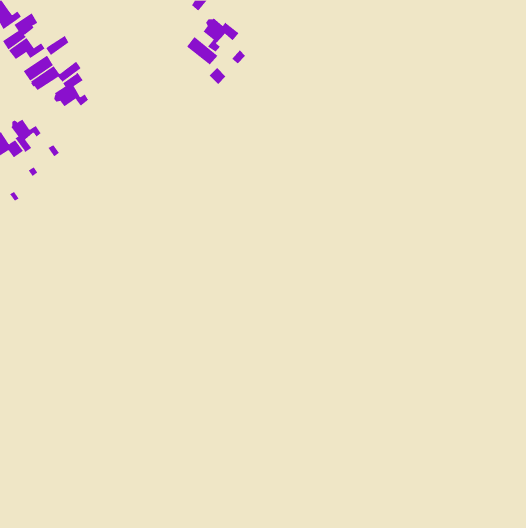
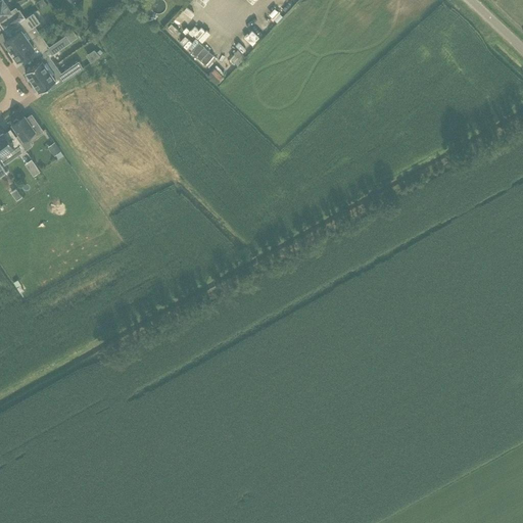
building: [203,17,239,52] -> none
building: [54,72,89,107] -> none

